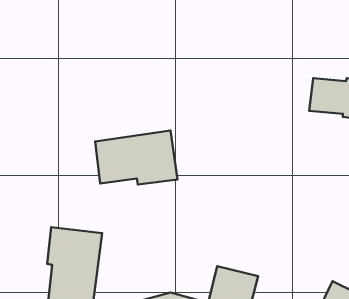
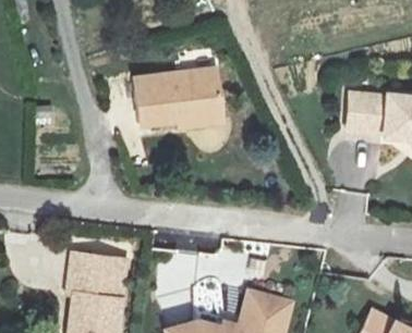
building: [95,130,178,185] -> [135,67,223,125]

